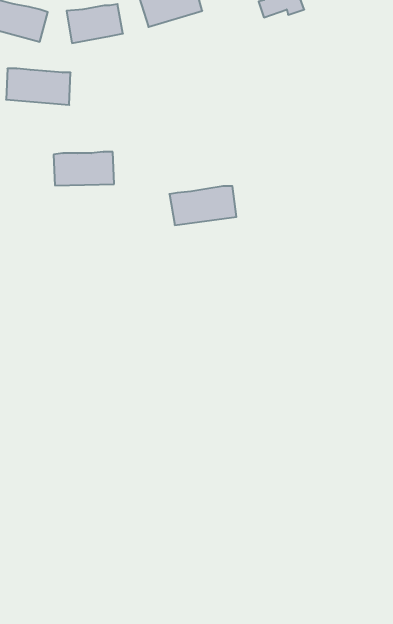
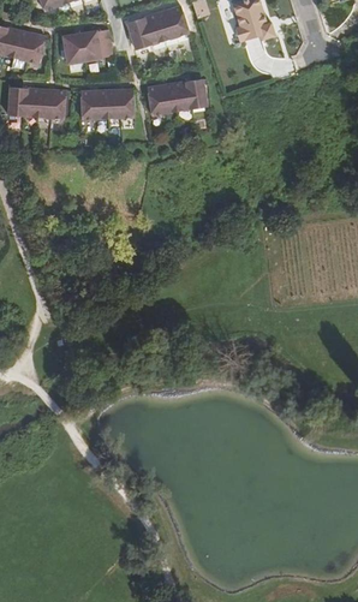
building: [54,152,114,185] -> [80,89,135,119]
building: [169,186,236,225] -> [147,81,207,115]

